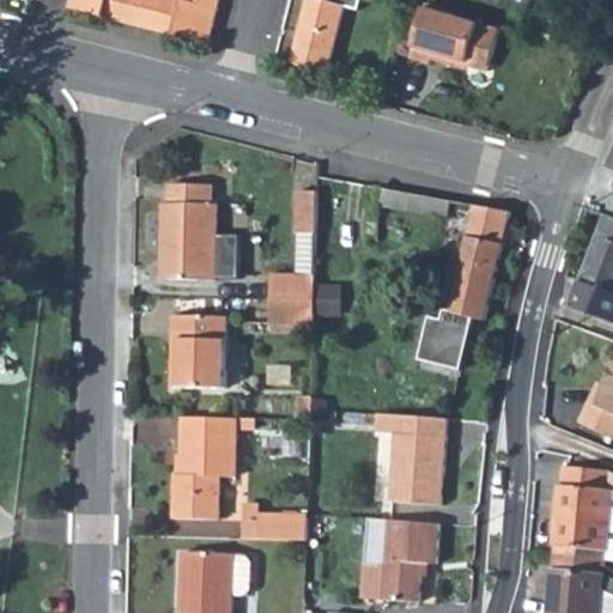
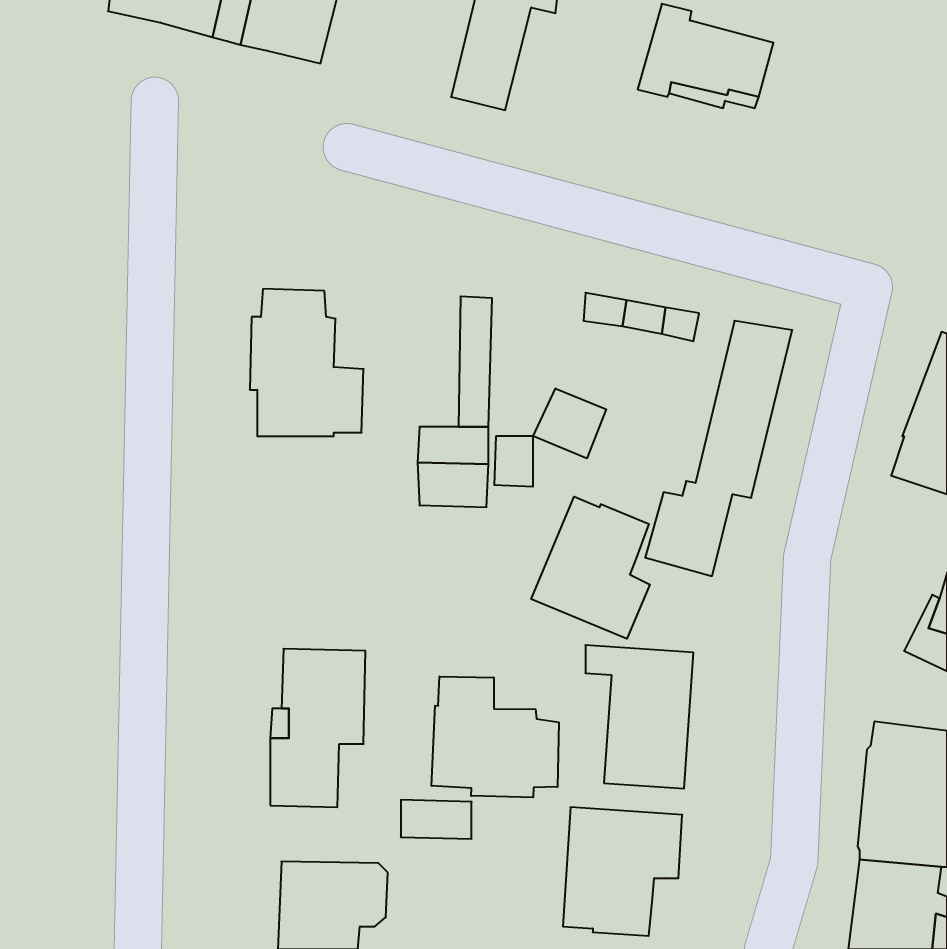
building: none -> [533,388,606,458]
building: [170,315,225,388] -> none
building: none -> [531,497,650,639]
building: none -> [432,676,559,797]

